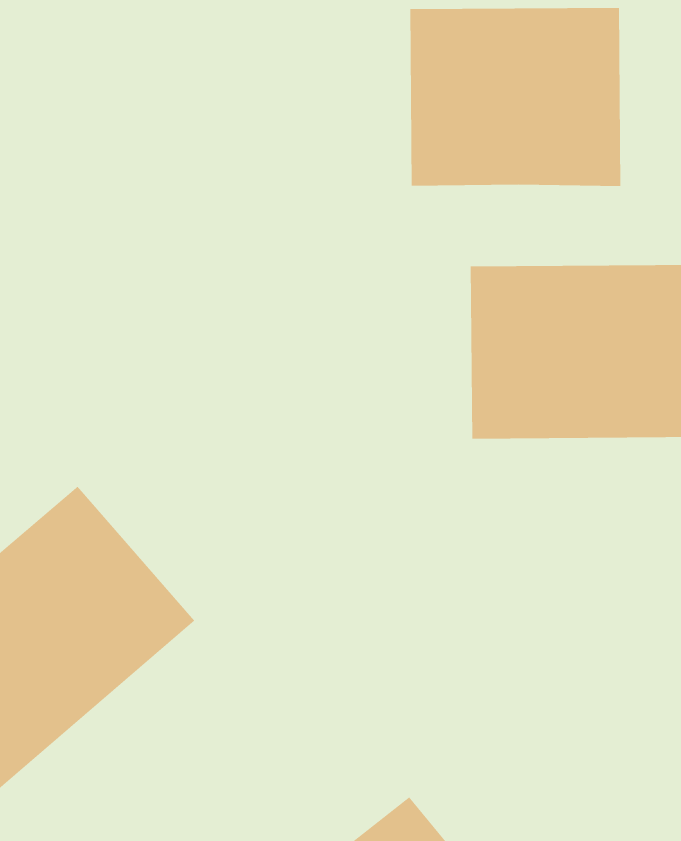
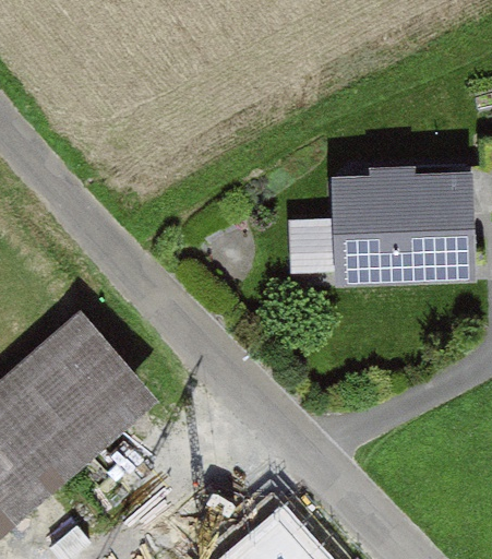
building: [410,7,621,187] -> none

